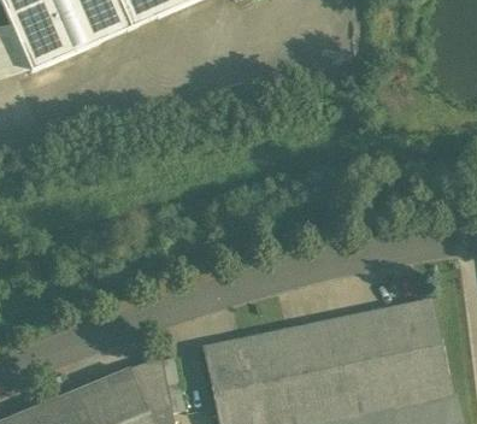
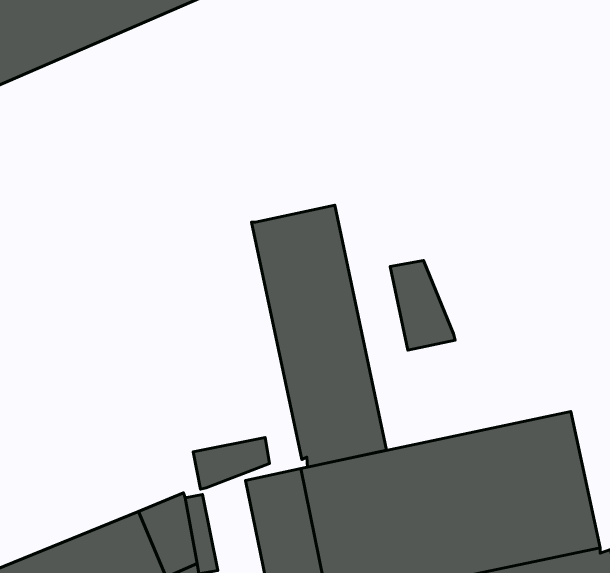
building: none -> [252,205,387,467]
building: none -> [390,260,455,350]
building: none -> [193,437,270,489]

